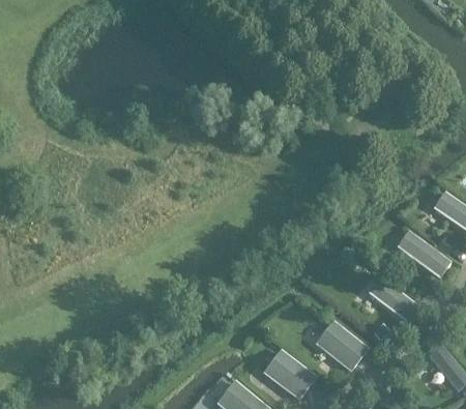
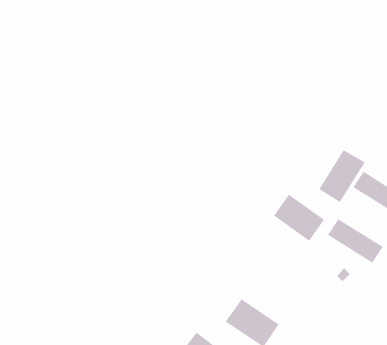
building: none -> [319,149,366,203]
building: [317,323,368,372] -> [273,194,325,242]

